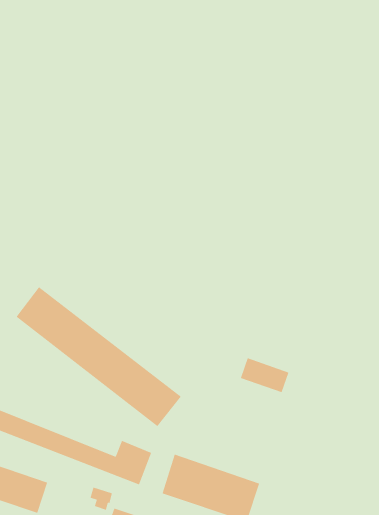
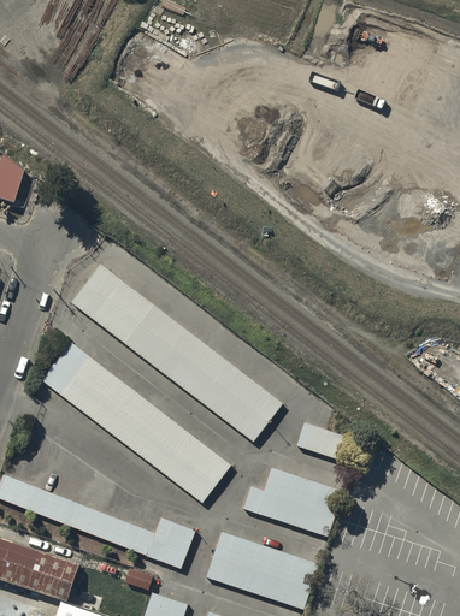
building: none -> [71,265,281,440]
building: none -> [242,468,341,538]

